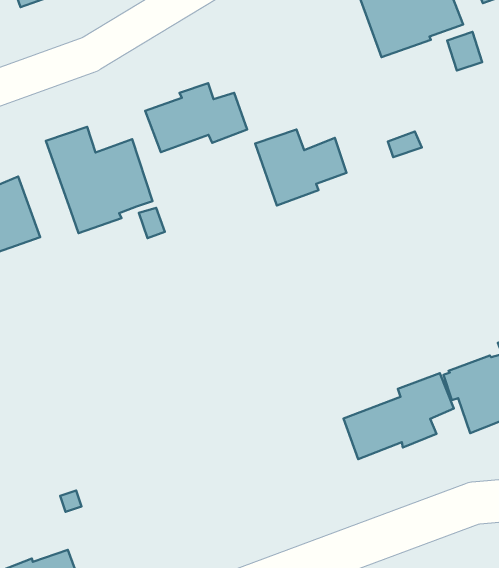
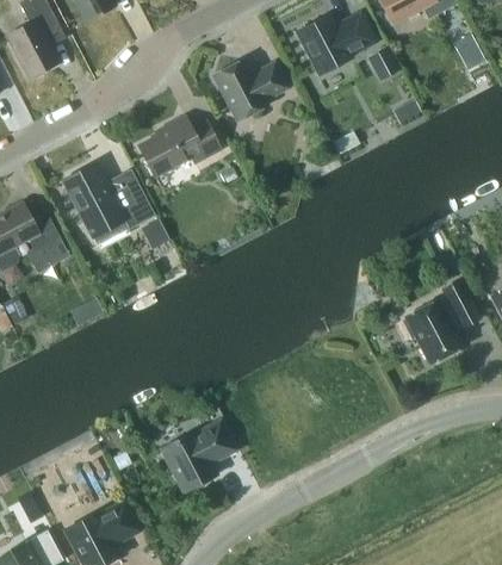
building: [255,129,347,206] -> [212,60,287,122]
building: [343,373,454,459] -> none
building: none -> [159,417,238,495]

